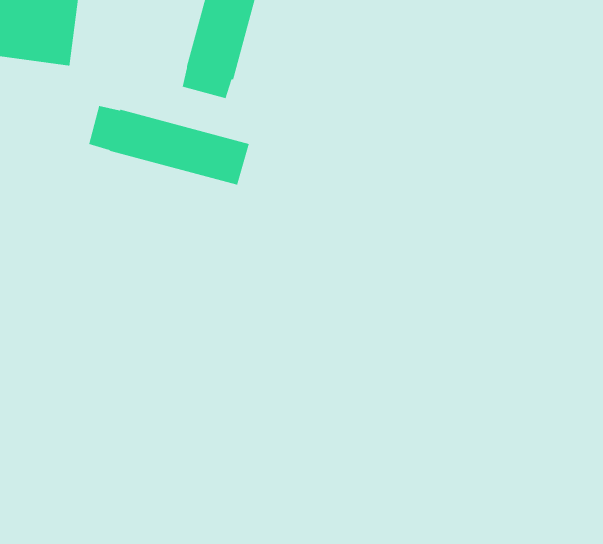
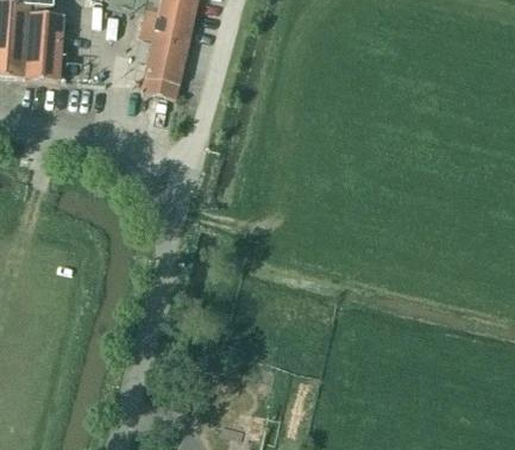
building: [88,105,249,185] -> none

